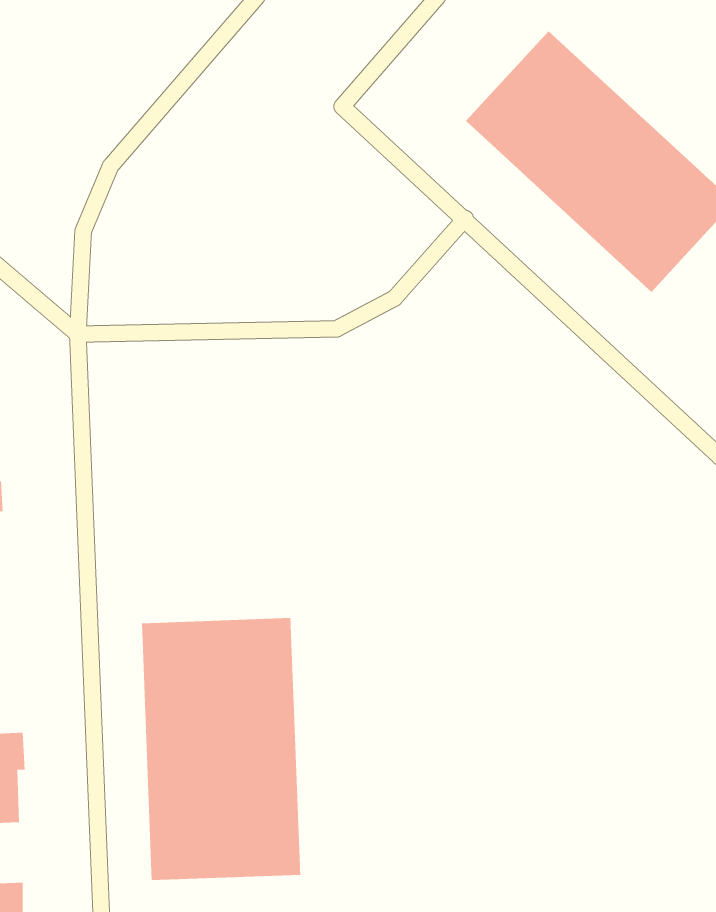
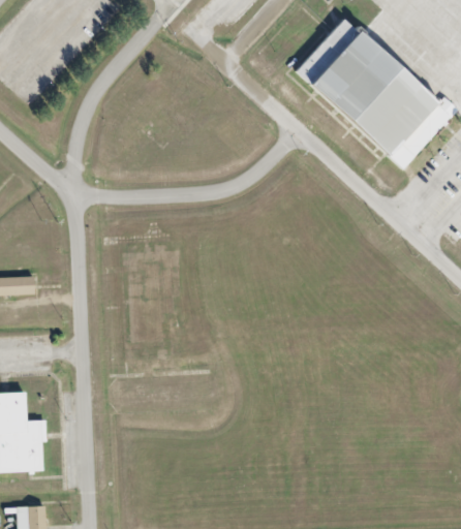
building: [141,617,301,881] -> none

